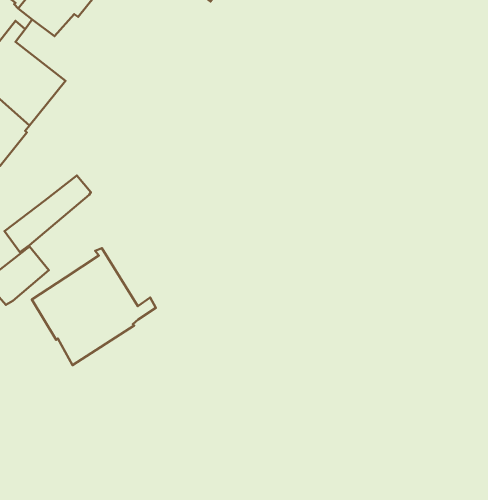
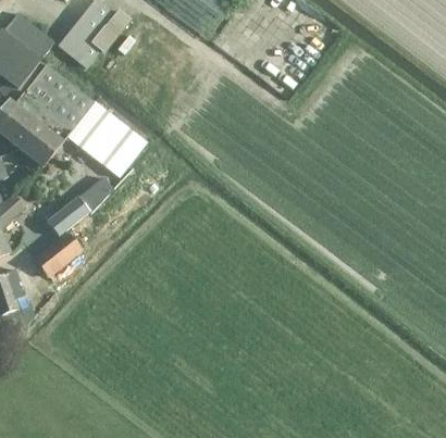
building: none -> [66,100,147,176]
building: [32,248,156,365] -> none

